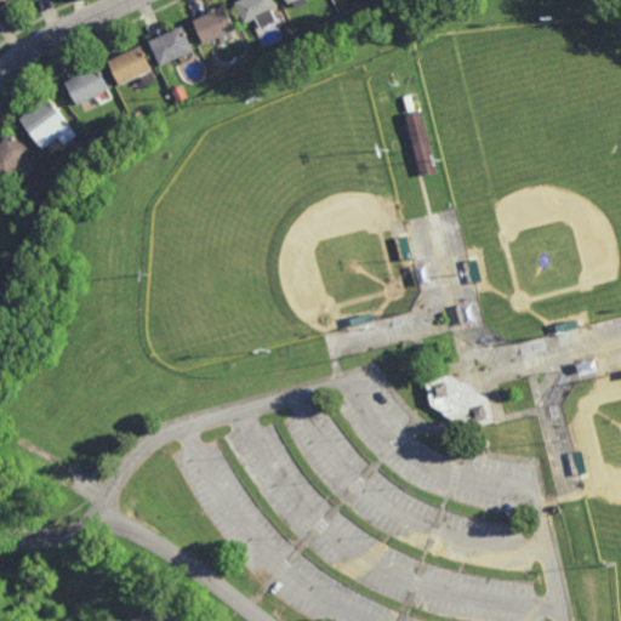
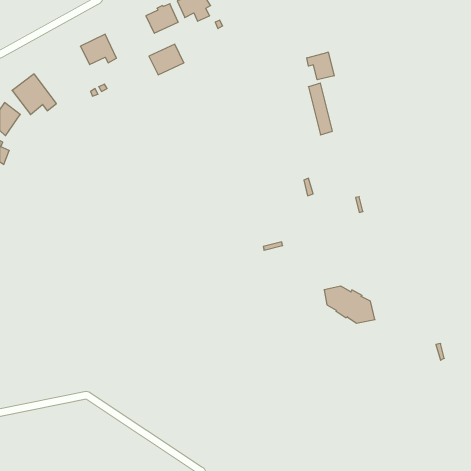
building: [146,25,192,65] -> [149,44,184,75]
building: [63,64,108,106] -> none
building: none -> [307,52,334,80]

